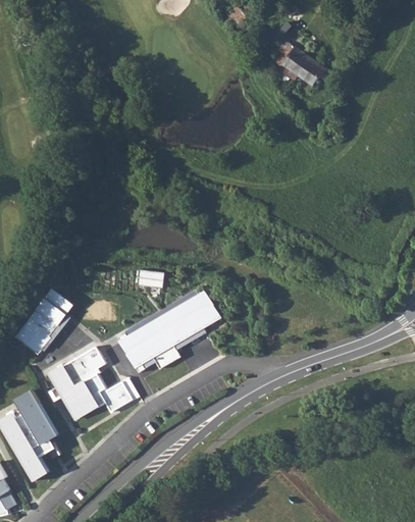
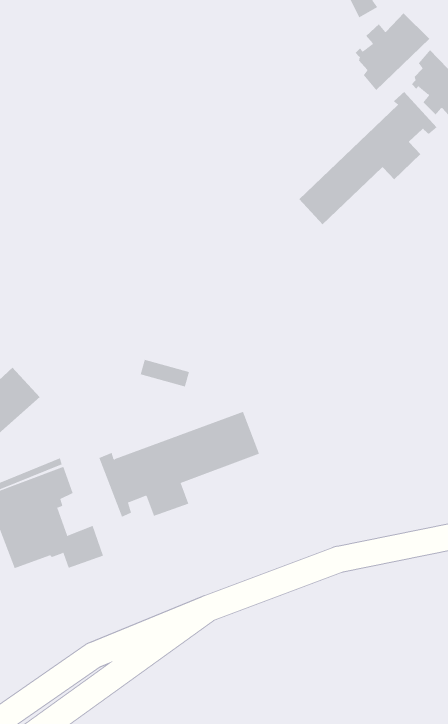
building: none -> [355,12,430,91]
building: none -> [299,91,437,225]

